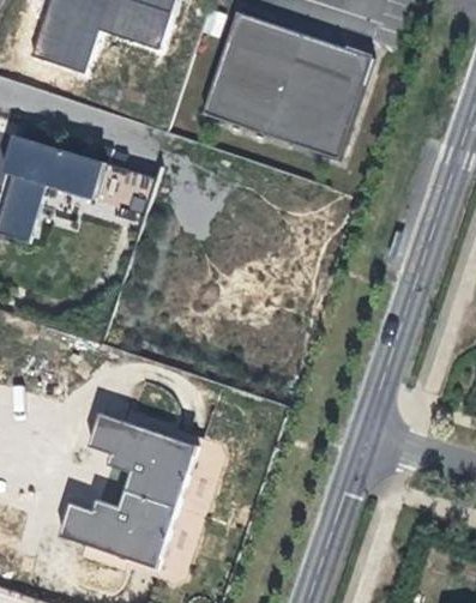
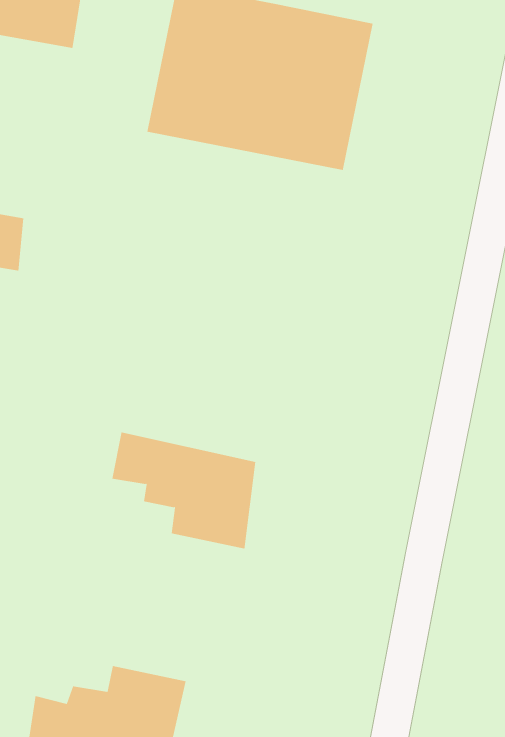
building: [91,412,195,507] -> [112,432,256,549]

